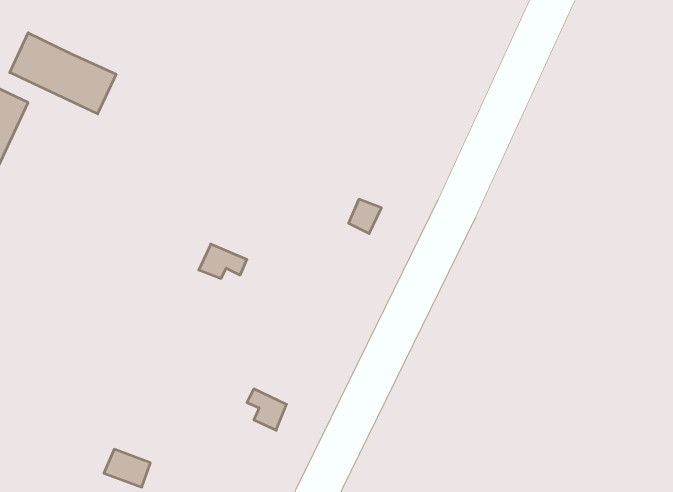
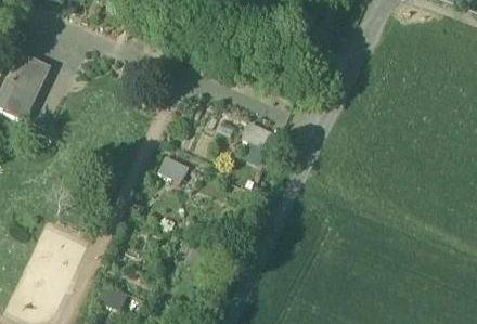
building: [10,33,116,114] -> none

